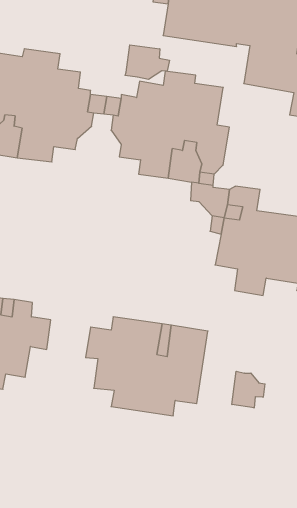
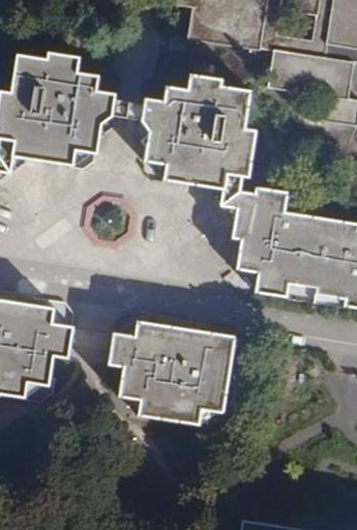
building: [125,45,169,79] -> none
building: [232,371,265,408] -> none

